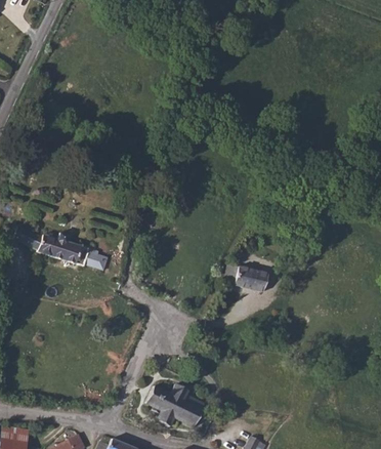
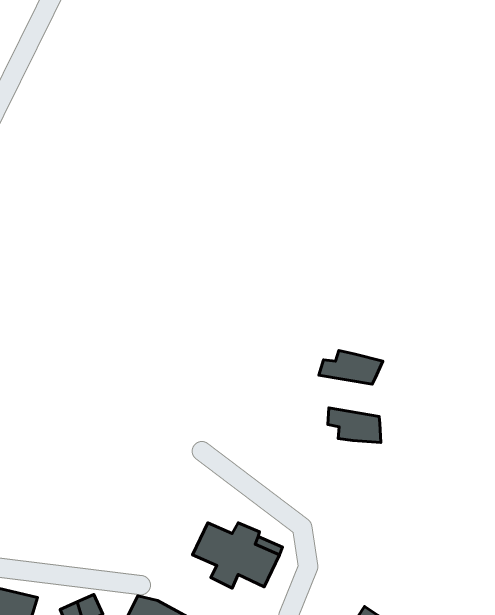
building: [35,232,109,274] -> none
building: none -> [328,408,381,443]

